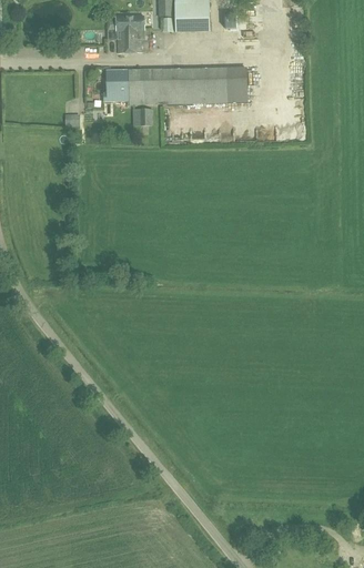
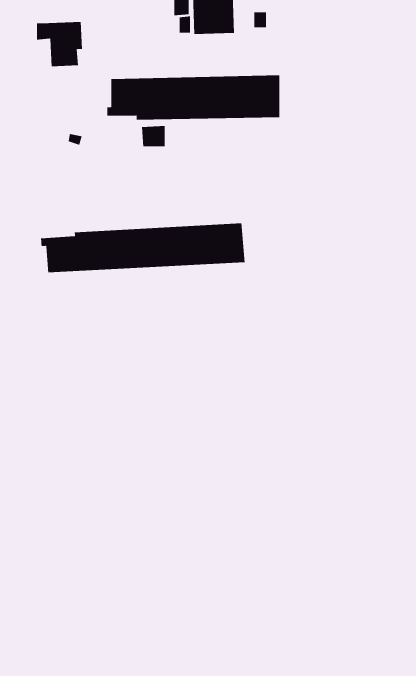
building: [105,14,144,52] -> [36,21,83,67]
building: none -> [40,222,245,273]

